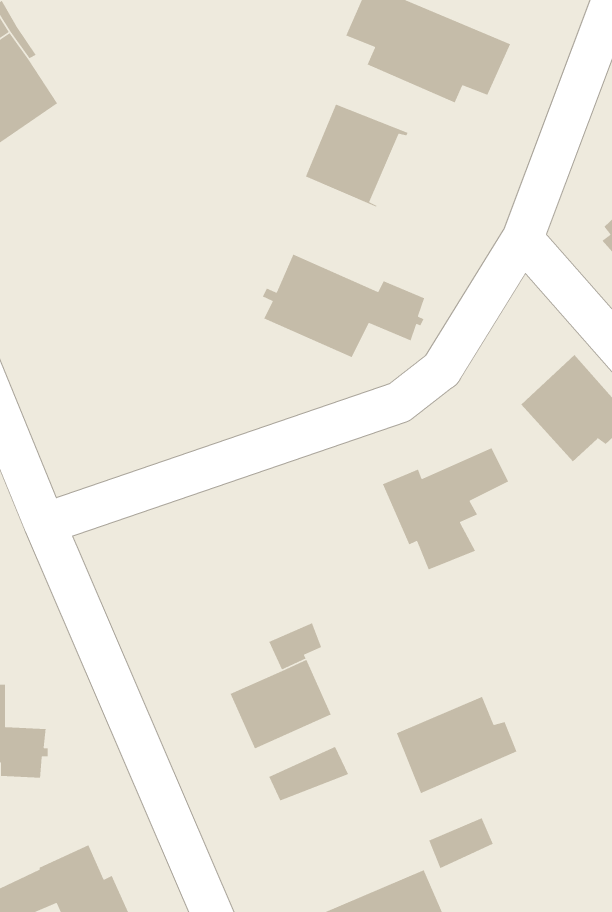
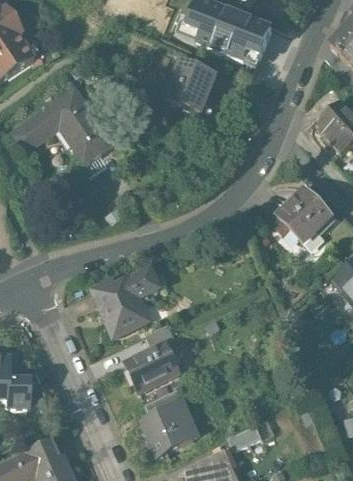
building: none -> [9,85,113,161]
building: [262,253,425,358] -> none
building: [382,447,509,571] -> [91,268,157,332]
building: [396,696,518,794] -> none
building: none -> [141,406,193,455]

